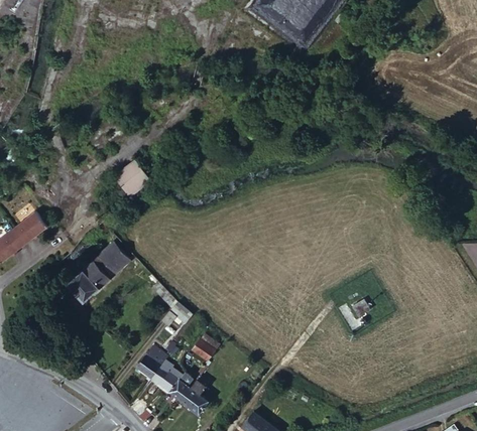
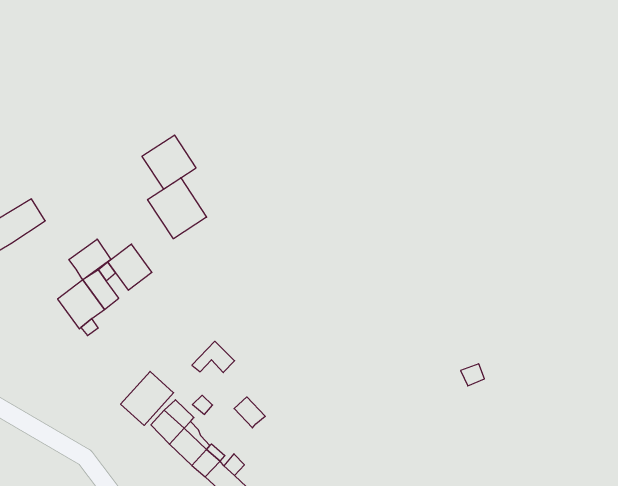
building: none -> [148,178,207,239]
building: none -> [69,239,111,280]
building: none -> [121,371,174,425]

